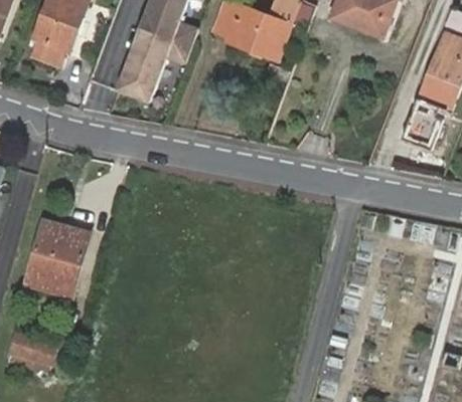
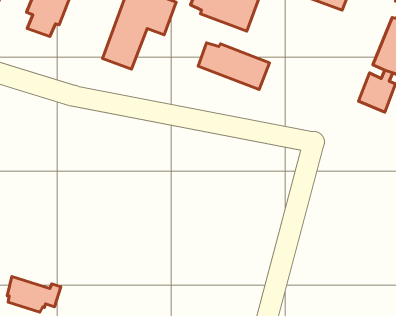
building: none -> [198,43,270,89]
building: [27,221,87,294] -> none

